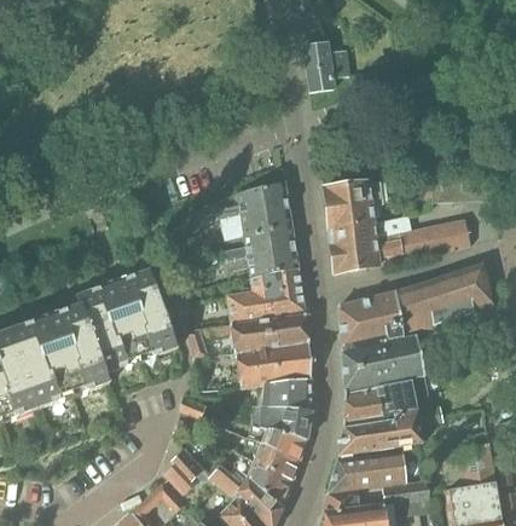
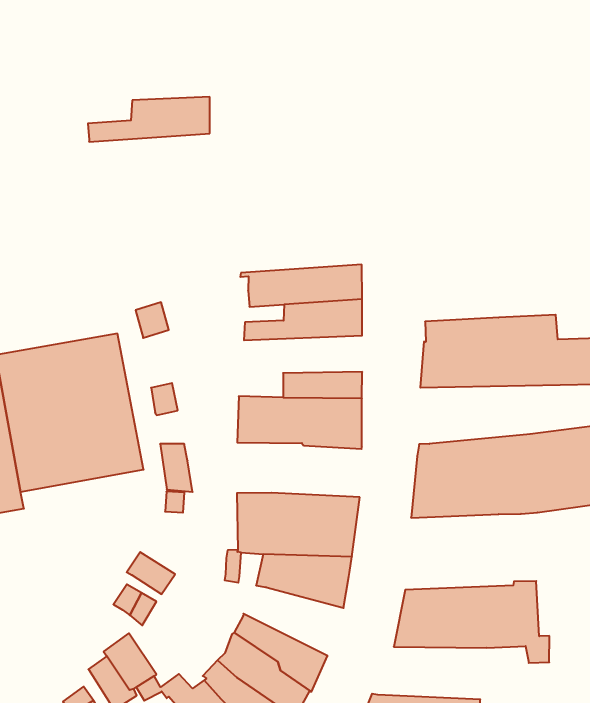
building: [305,41,349,91] -> none
building: [325,180,384,231] -> none
building: [214,181,288,220] -> [88,97,210,142]
building: [225,245,298,276] -> none
building: [221,313,309,352] -> none
building: [342,334,424,393] -> none
building: [251,405,311,440] -> none
building: [340,415,427,456] -> none

